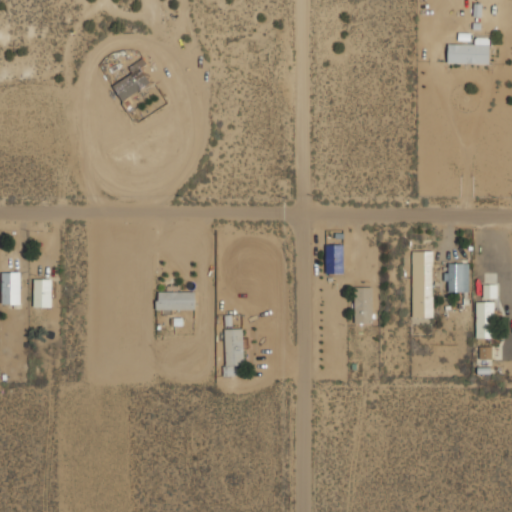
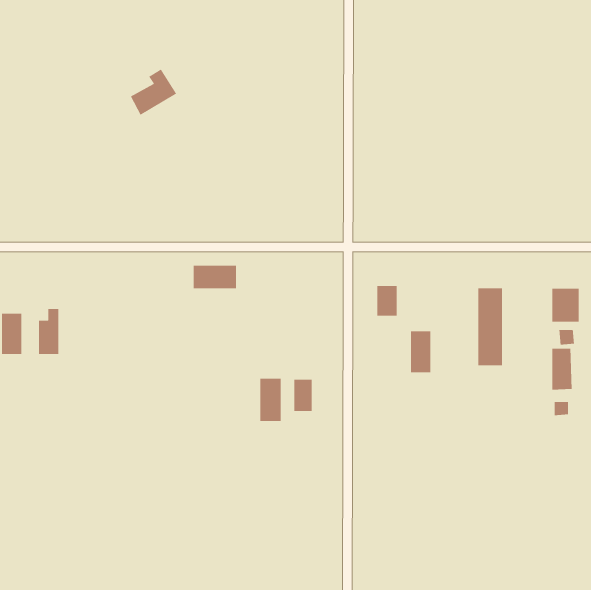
building: [447,37,489,64] -> none
building: [445,263,469,293] -> [552,288,579,323]
building: [156,290,194,311] -> [193,265,237,289]
building: none -> [293,379,312,412]

